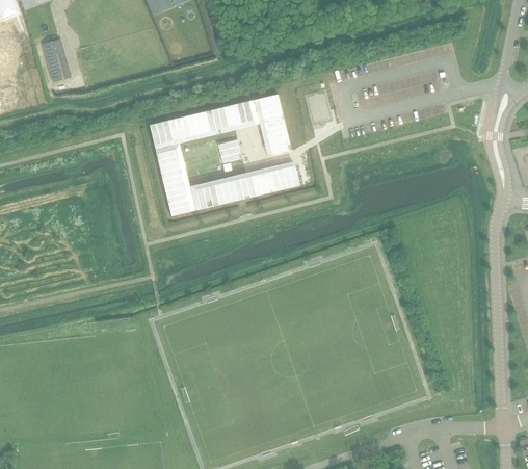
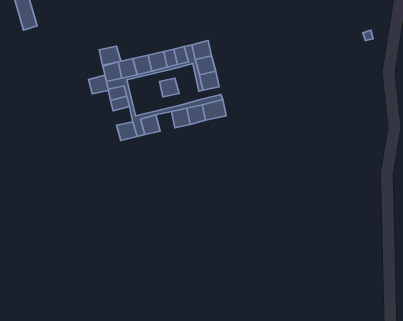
building: none -> [99,46,121,65]
building: [162,174,186,197] -> [89,75,108,94]
building: [214,180,237,204] -> none

